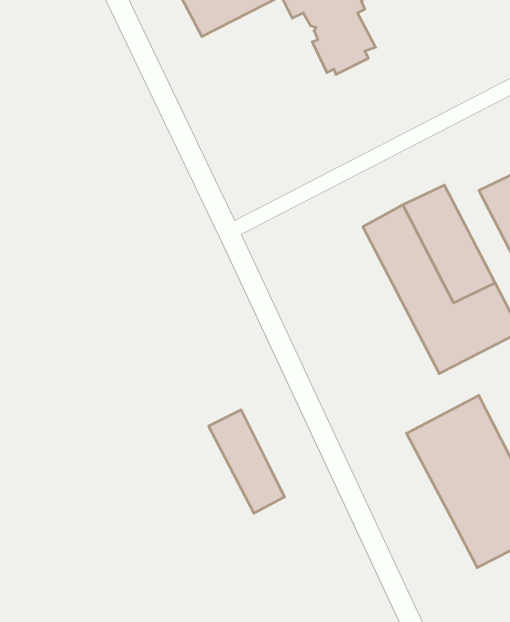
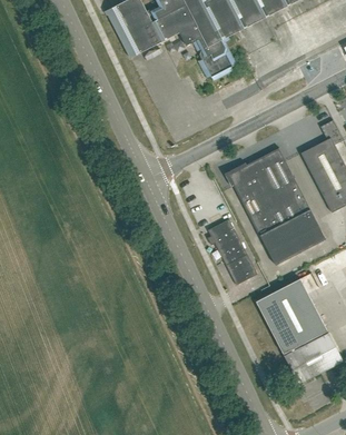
building: [209,410,285,513] -> [209,219,256,283]

